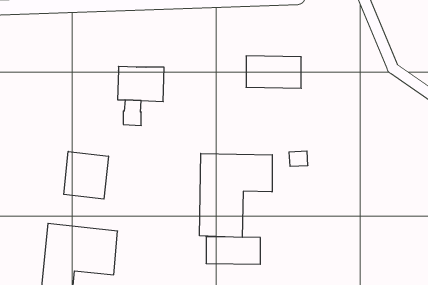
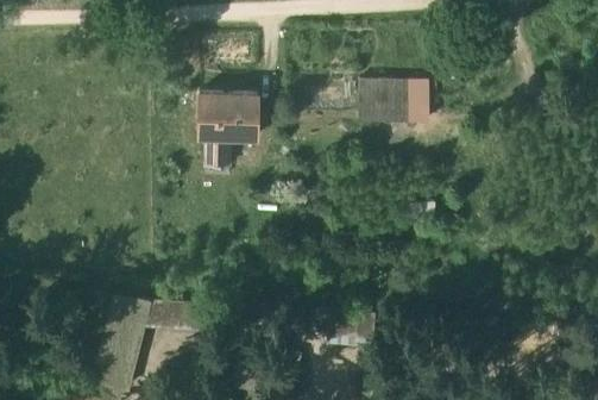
building: [64,151,108,199] -> none
building: [200,153,272,237] -> none

